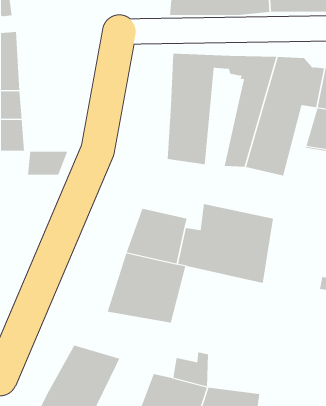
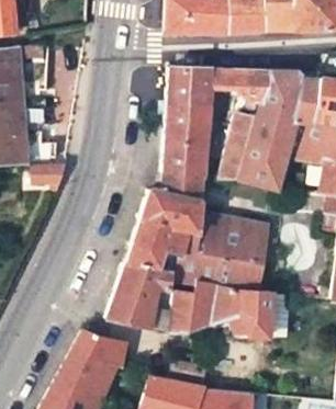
building: none -> [141,170,202,238]
building: none -> [169,273,270,337]
building: none -> [75,329,128,370]

